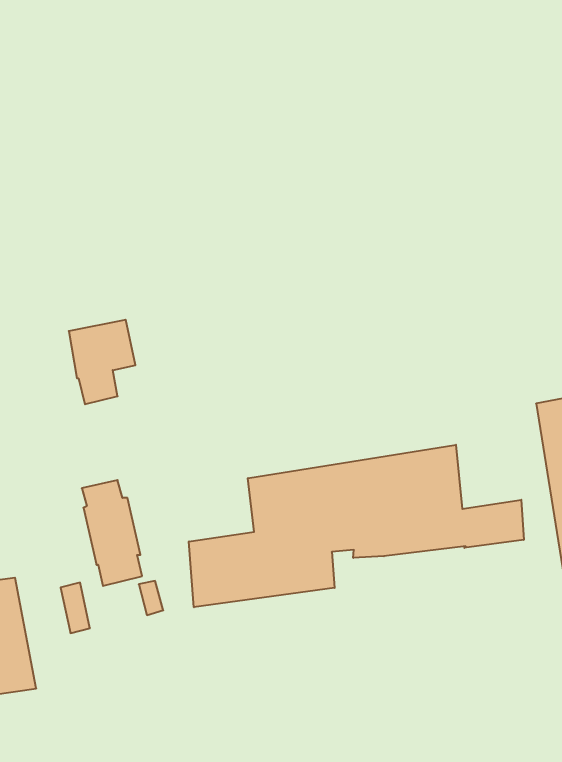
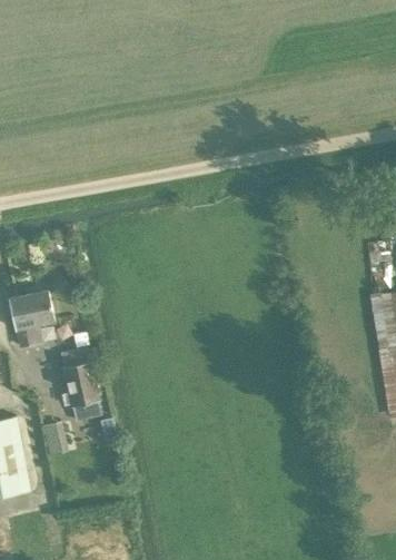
building: [69,320,135,404] -> [9,291,55,348]
building: [189,445,524,607] -> none

